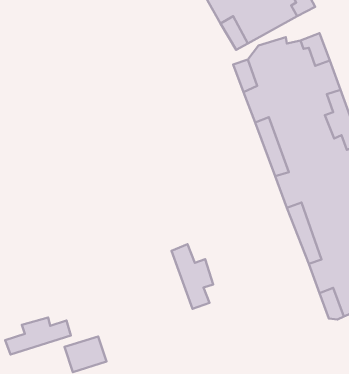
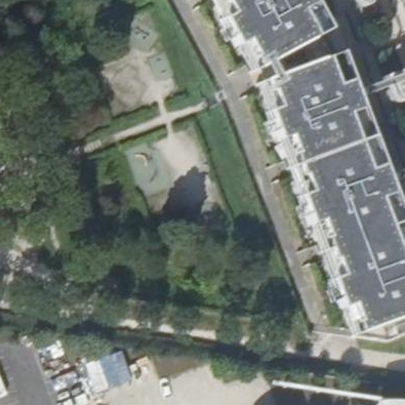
building: [171,244,213,309] -> none
building: [5,318,71,354] -> none

